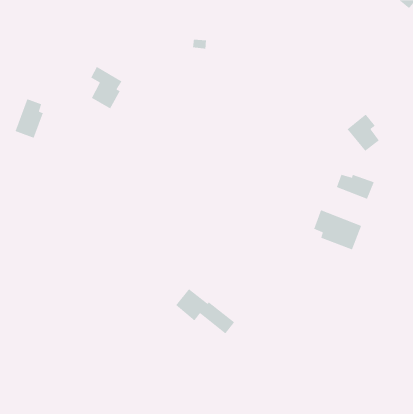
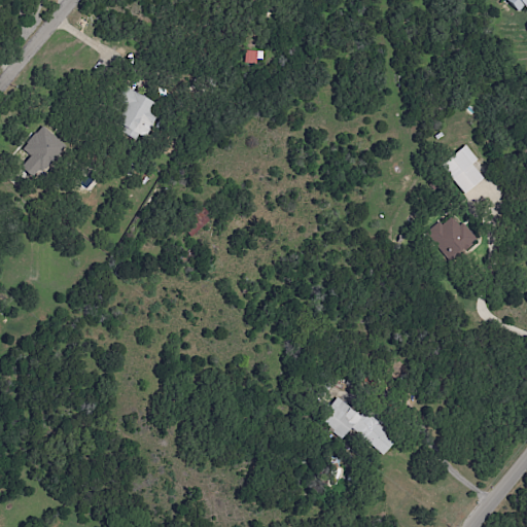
building: [313,209,362,250] -> none
building: [175,288,235,334] -> [320,396,396,455]

